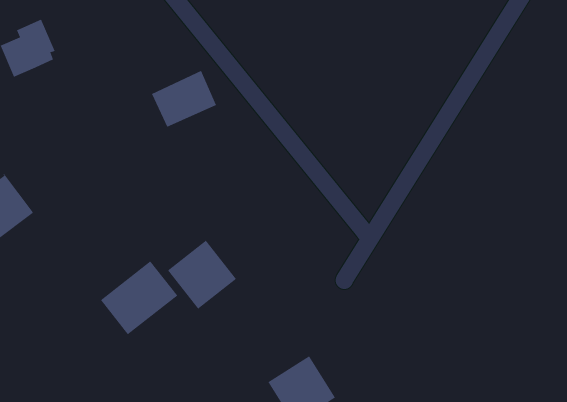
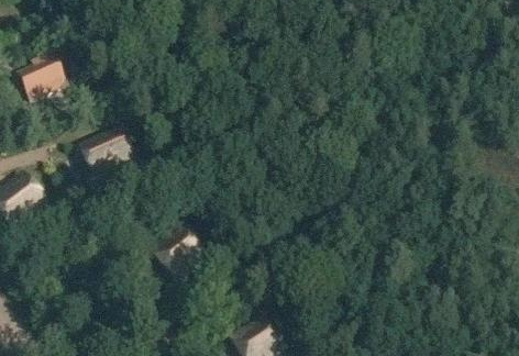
building: [151,70,217,127] -> [79,125,131,170]
building: [100,260,178,335] -> none

